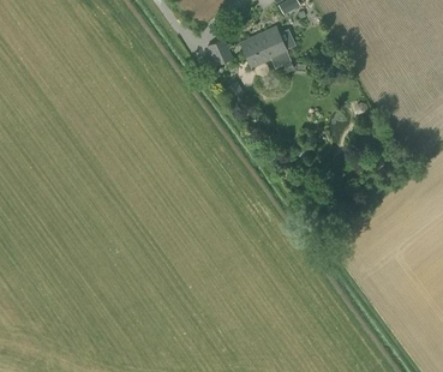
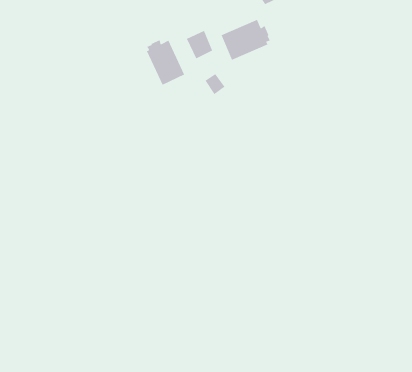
building: none -> [146,39,185,86]

